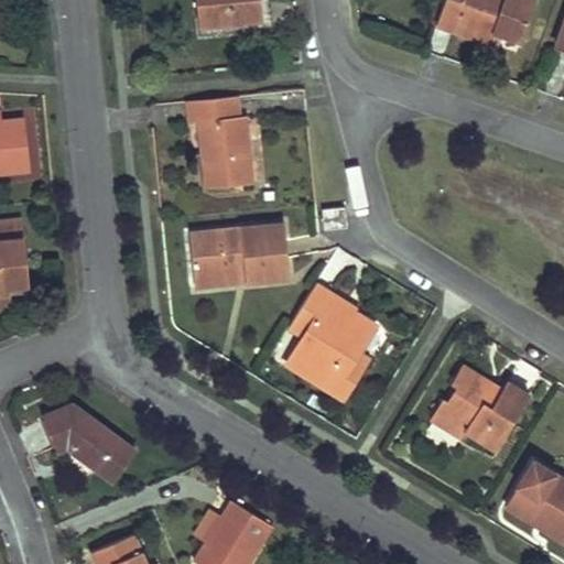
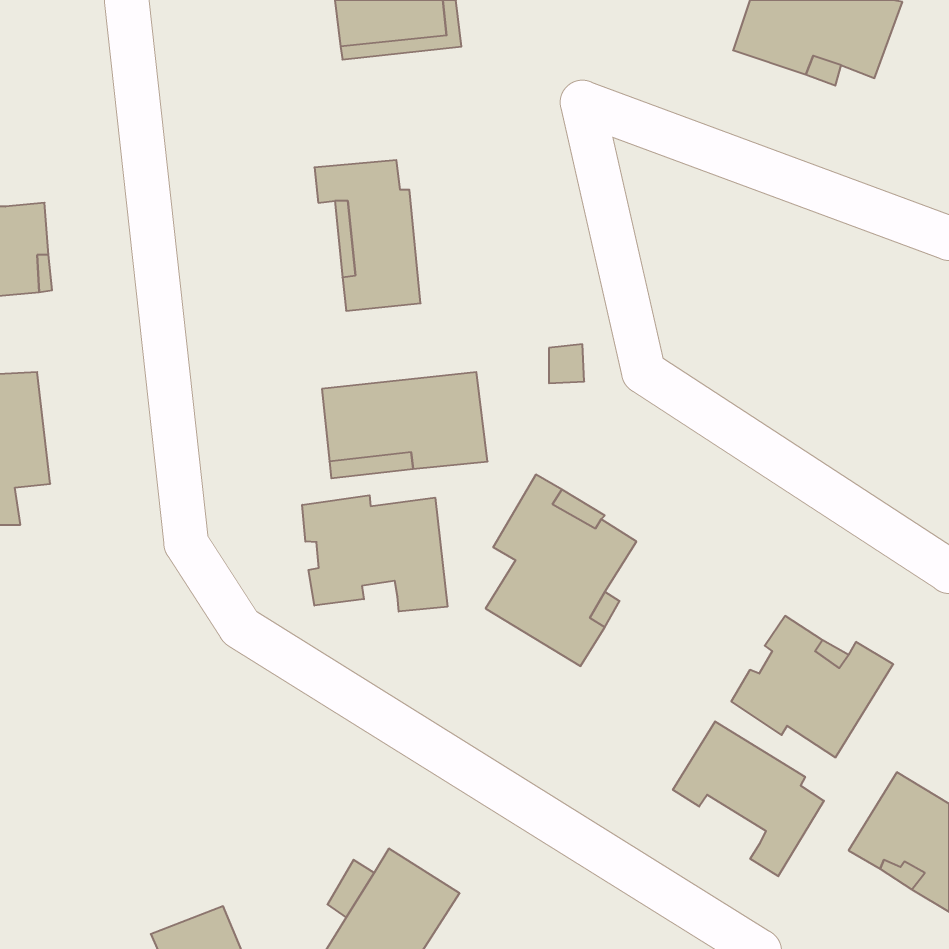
building: none -> [302,495,447,612]
building: [41,405,135,485] -> none
building: none -> [673,721,824,876]

